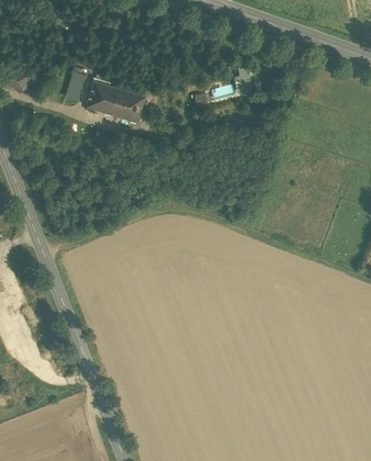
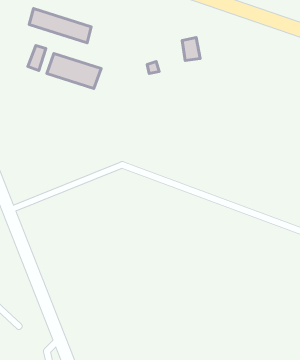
building: none -> [29,8,91,43]

